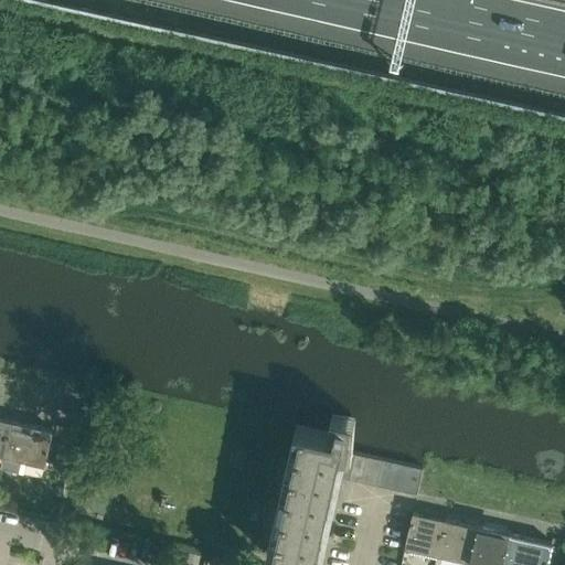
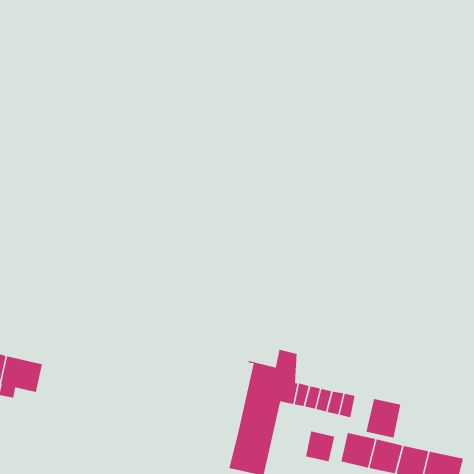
building: none -> [365,398,401,439]
building: none -> [305,431,335,462]

